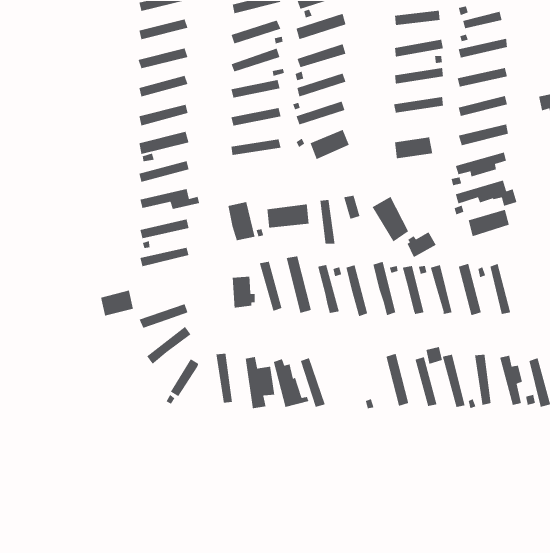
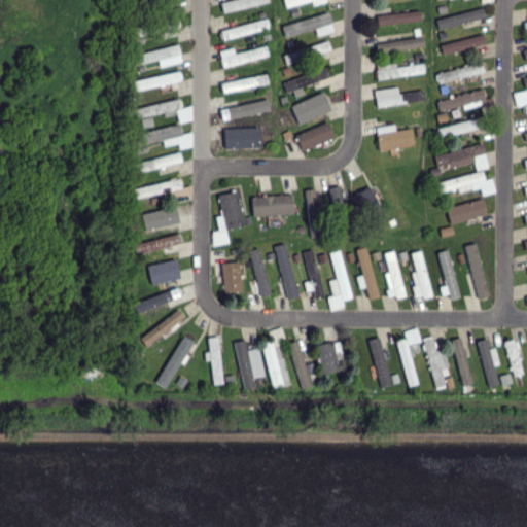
building: [406,231,437,258] -> none
building: [100,290,134,317] -> [149,259,181,285]
building: none -> [316,343,343,375]

